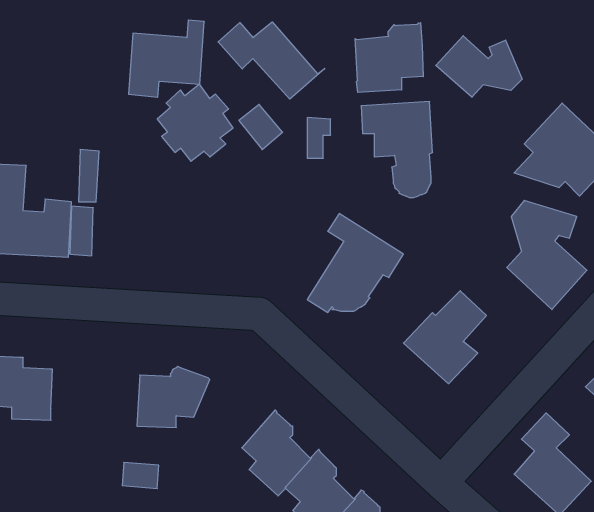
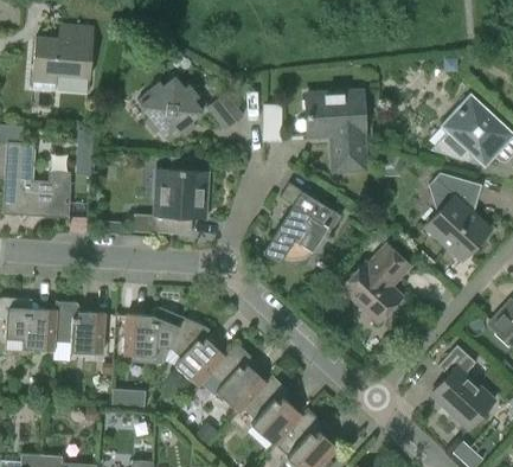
building: [129,20,204,97] -> [32,26,94,89]
building: [218,22,325,99] -> none
building: [355,23,423,92] -> none
building: [436,36,522,97] -> none
building: none -> [133,168,209,234]
building: none -> [54,301,104,354]
building: none -> [171,318,225,386]

